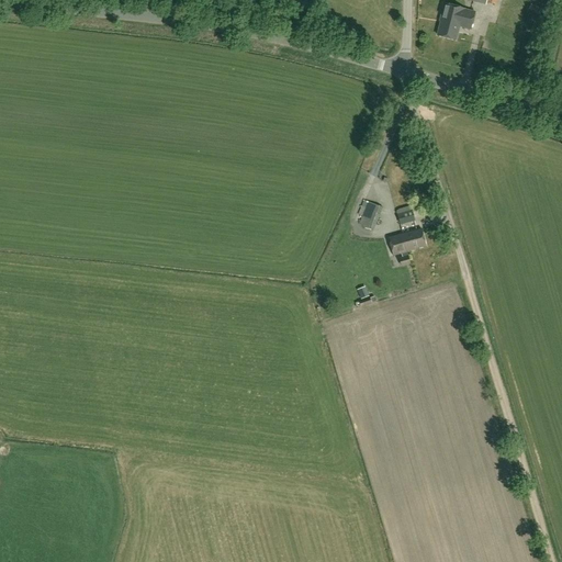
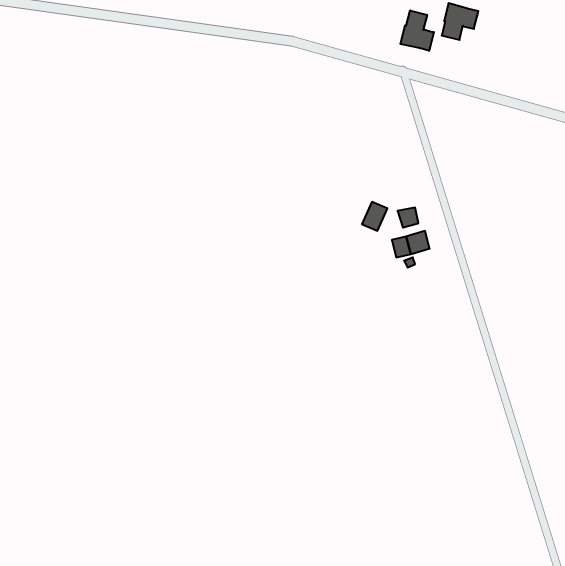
building: none -> [400,10,434,51]

